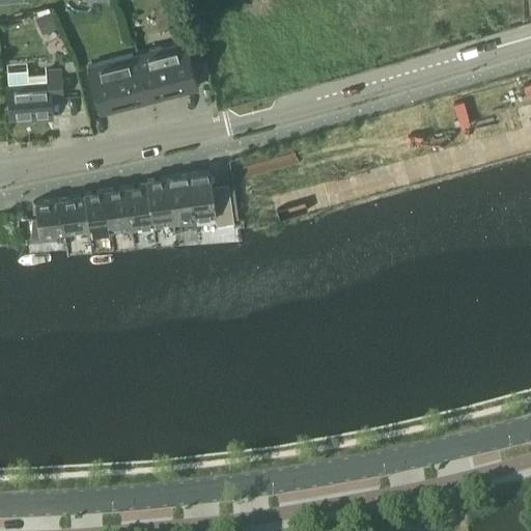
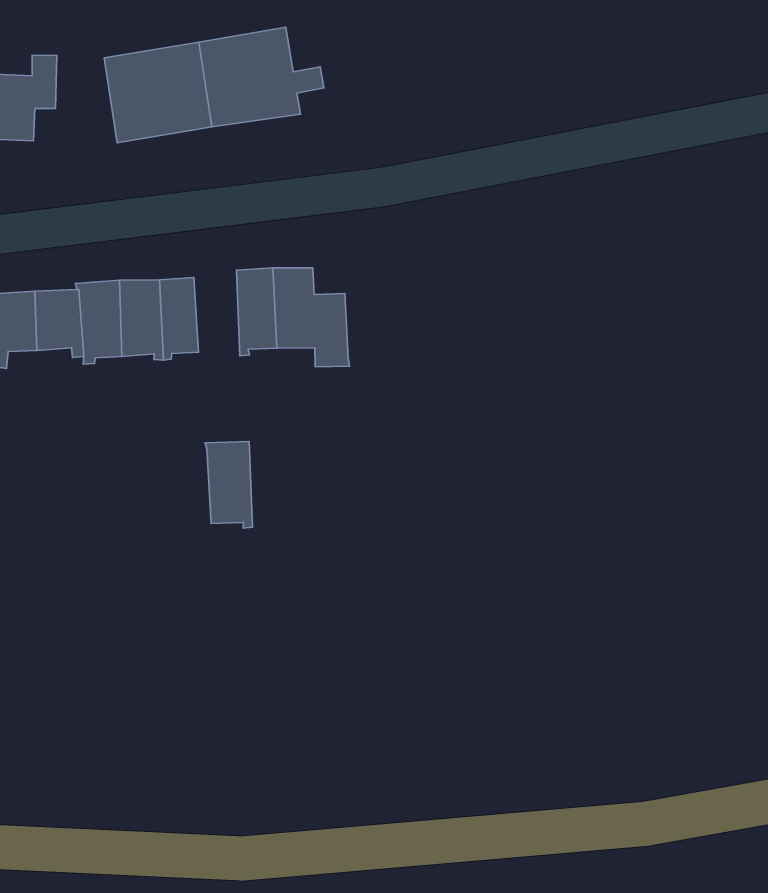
building: [145,178,175,226] -> [205,441,253,528]

